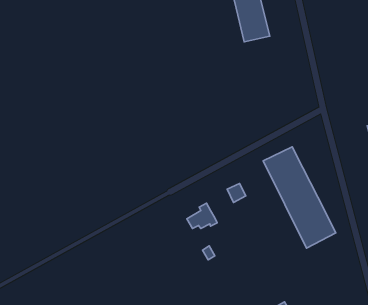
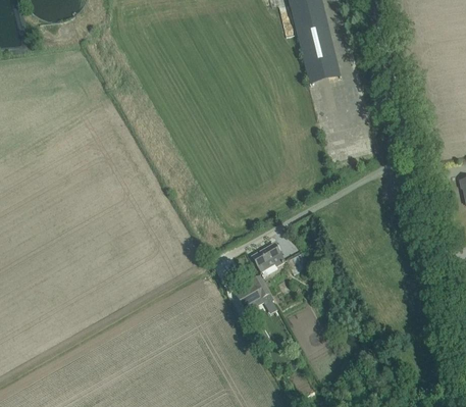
building: [263,147,336,248] -> none
building: none -> [253,243,286,271]

